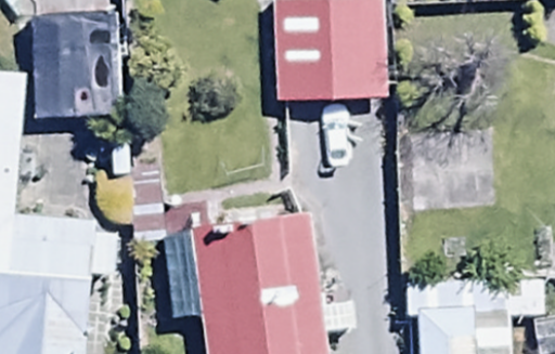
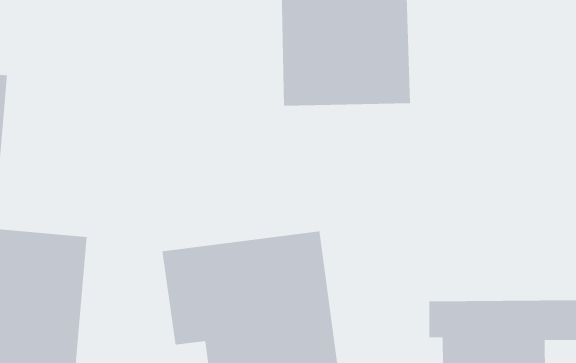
building: [30,12,120,117] -> none

